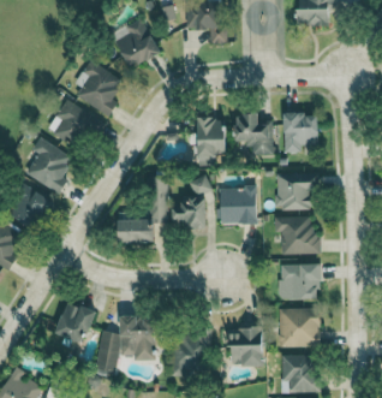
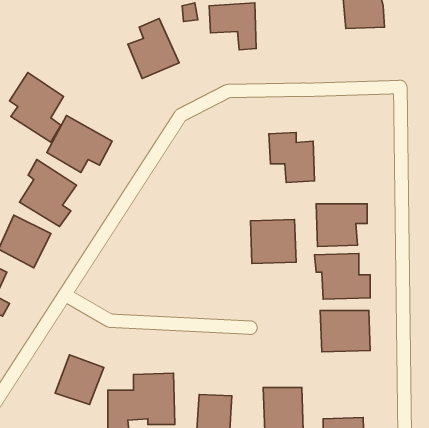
building: [74,59,120,118] -> [9,72,64,142]
building: [283,114,318,153] -> none
building: [197,119,226,165] -> none
building: [119,178,166,242] -> none
building: [173,178,209,230] -> none
building: [279,308,321,347] -> none

